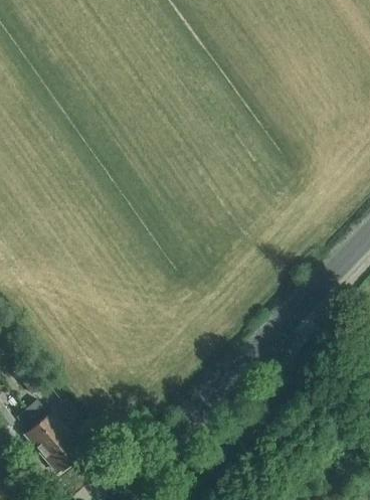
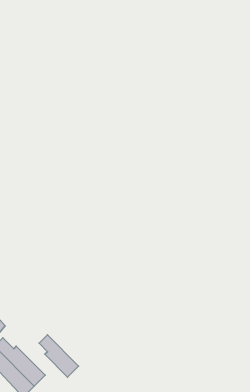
building: none -> [39,335,79,377]

